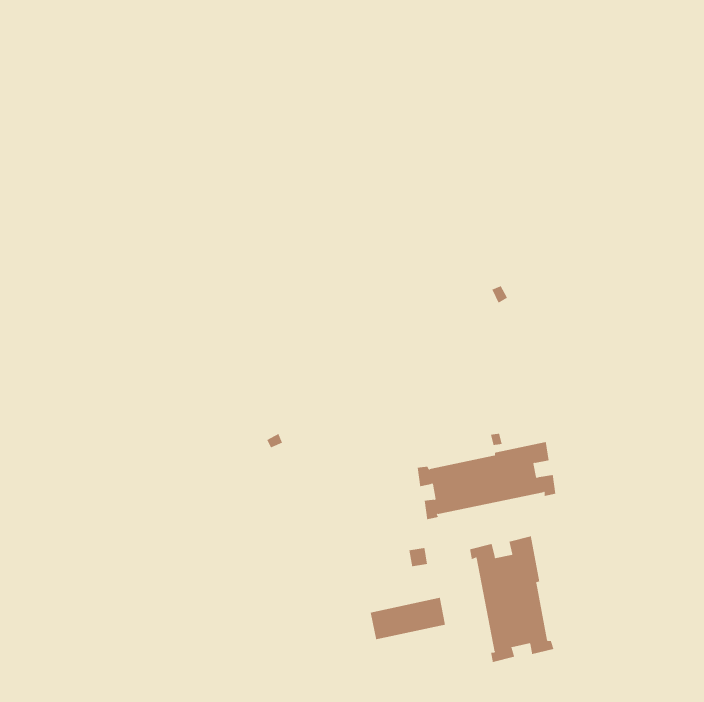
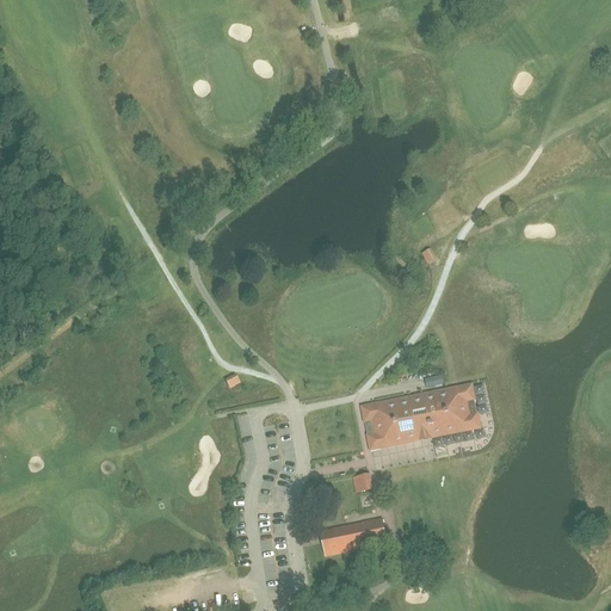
building: [470,536,554,663] -> none

